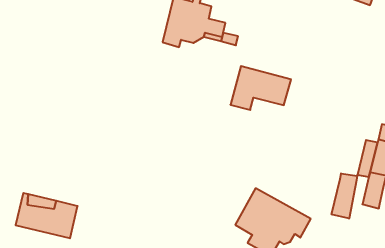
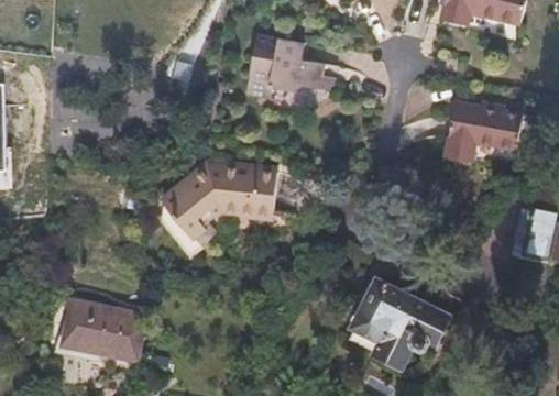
building: [230,66,291,110] -> [445,98,523,155]
building: none -> [164,164,277,236]
building: [332,173,357,219] -> none

